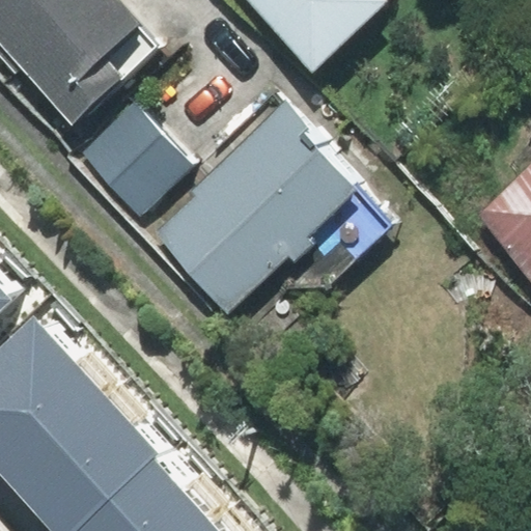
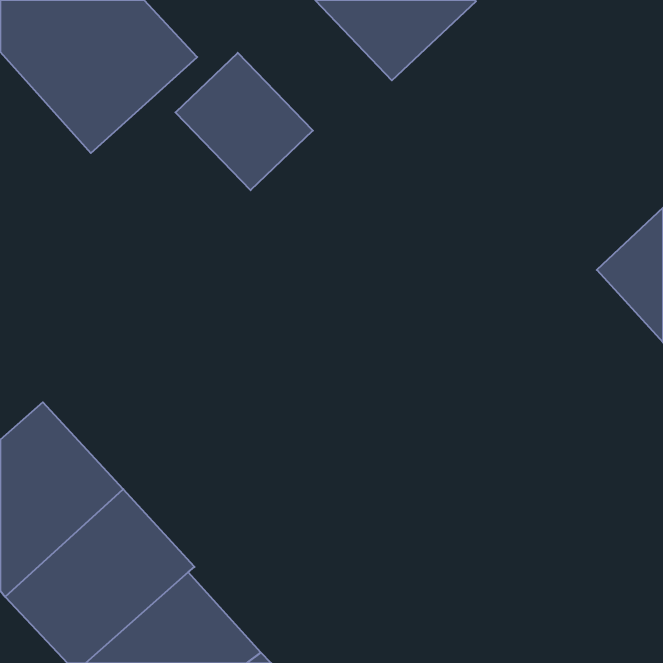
building: [152,103,346,310] -> none
building: [82,104,192,214] -> [175,53,313,190]

